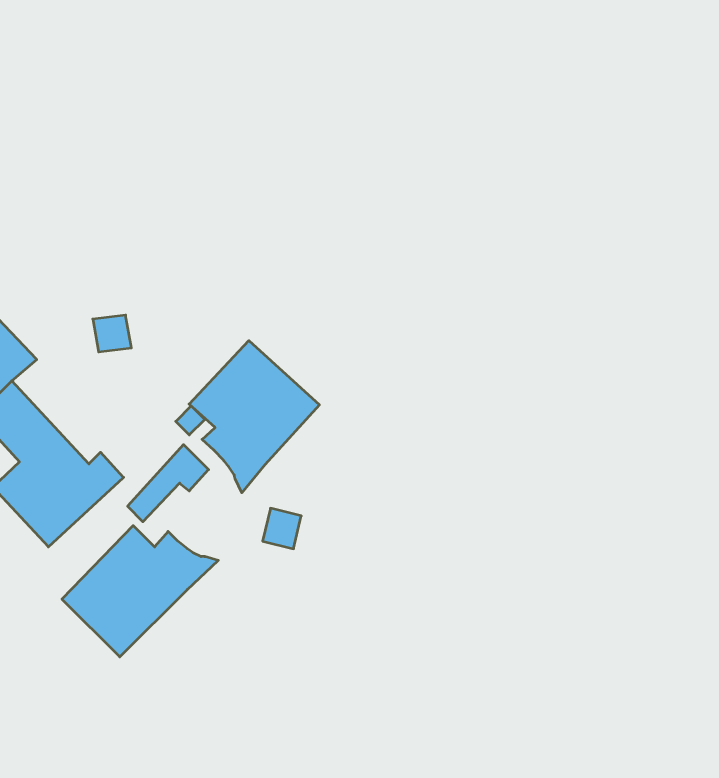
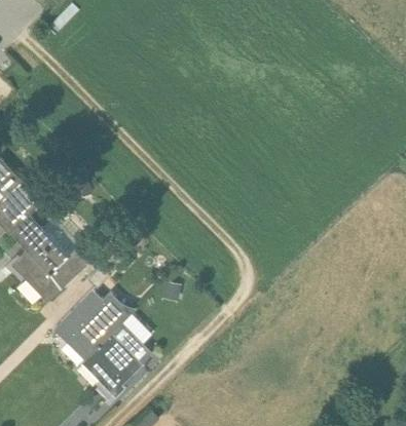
building: [189,341,319,493] -> none
building: none -> [80,324,152,398]

